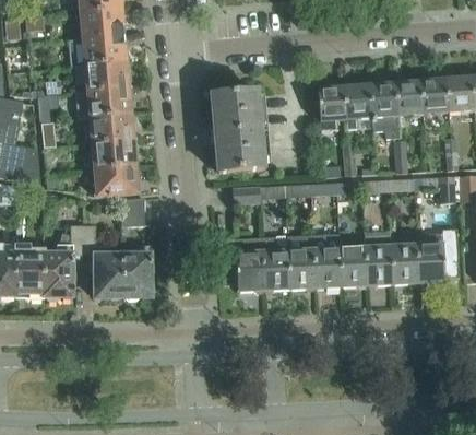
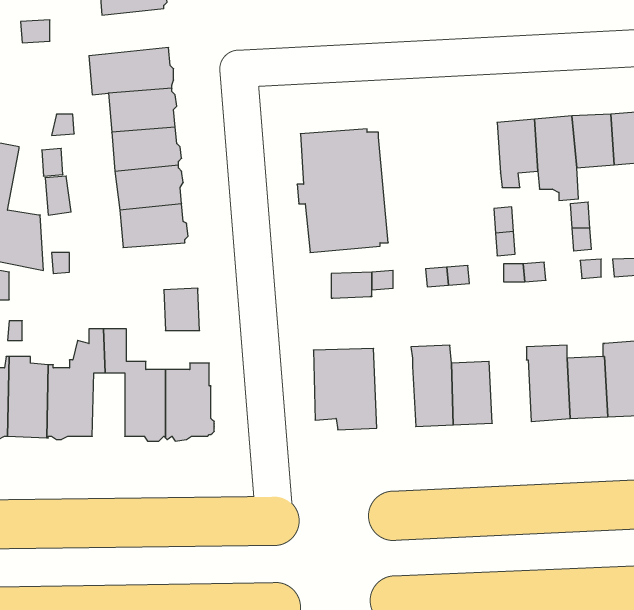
building: [79,9,123,39] -> none
building: [318,85,346,134] -> none
building: [93,166,138,197] -> none
building: [261,236,289,291] -> none
building: [338,245,367,287] -> none

